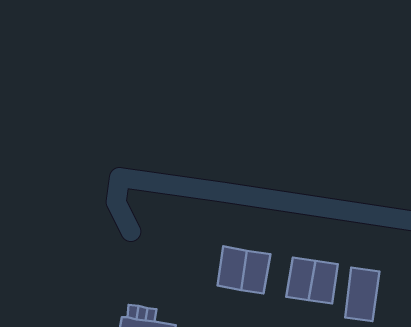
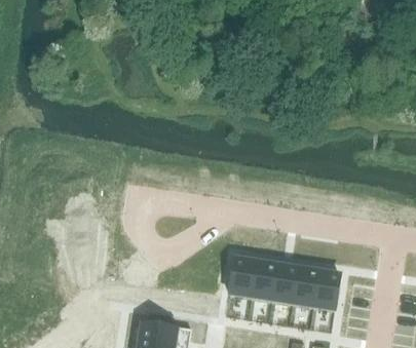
building: none -> [270,263,297,302]
building: [345,268,379,321] -> none

